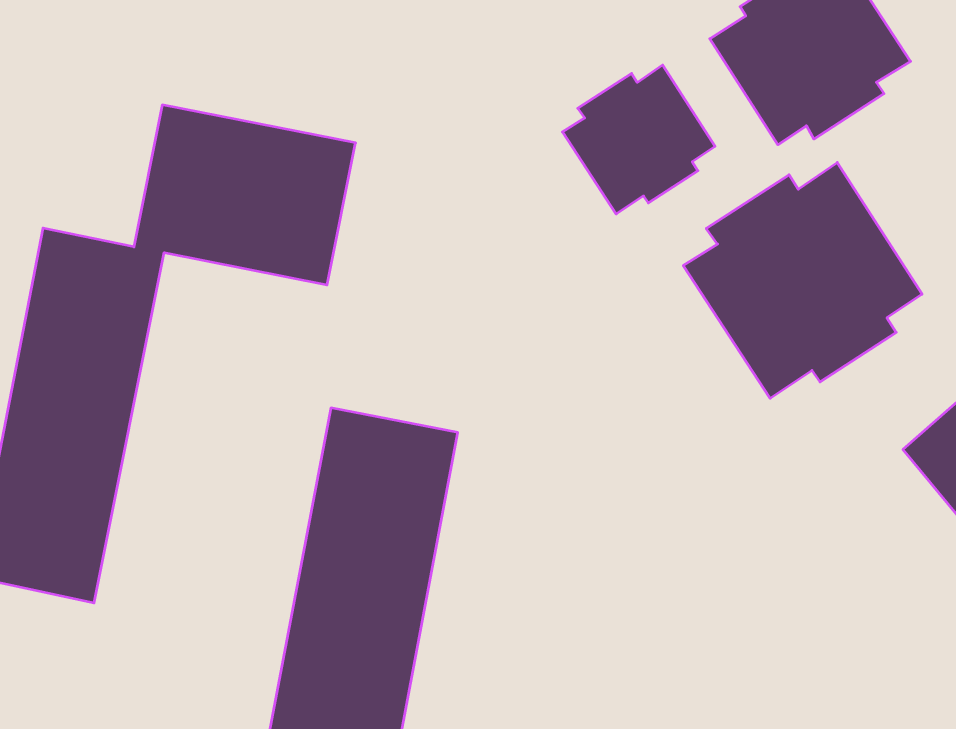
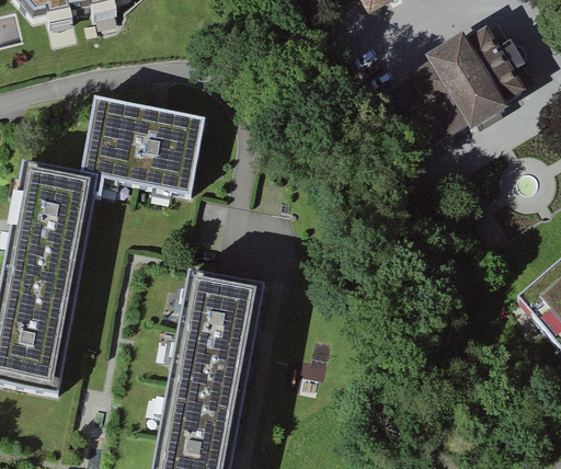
building: [562,65,715,214] -> none
building: [683,162,922,398] -> none

